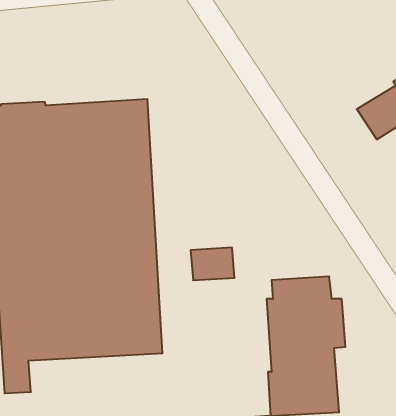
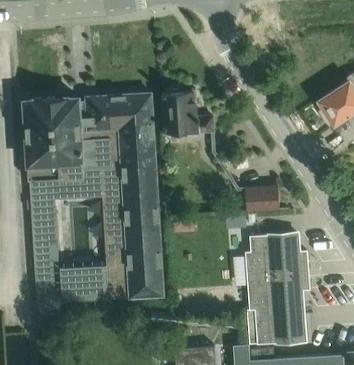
building: none -> [162,92,215,134]
building: [191,248,235,280] -> [244,187,279,213]

